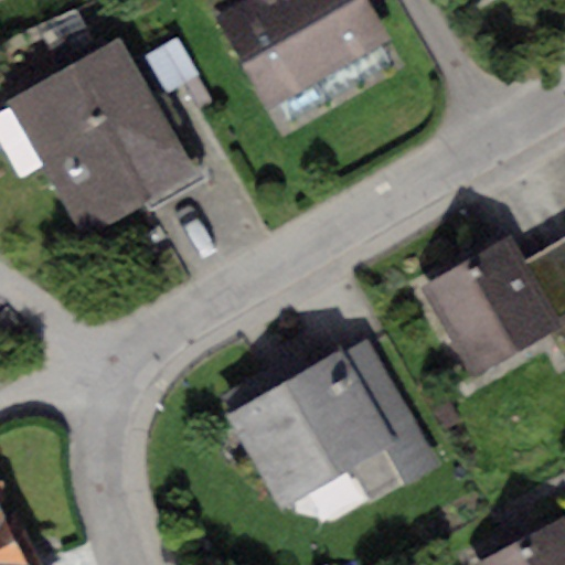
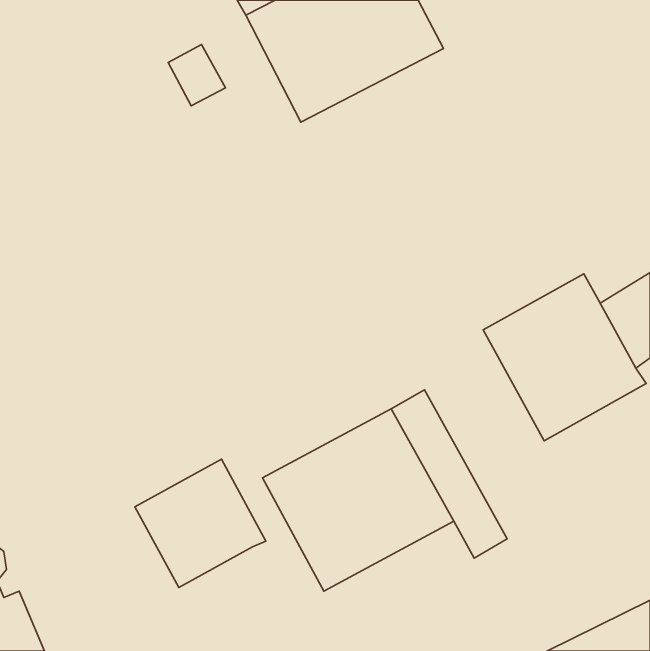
building: [6,36,205,234] -> none
building: none -> [135,459,266,587]

